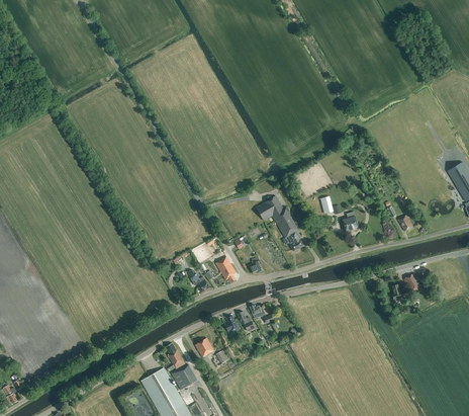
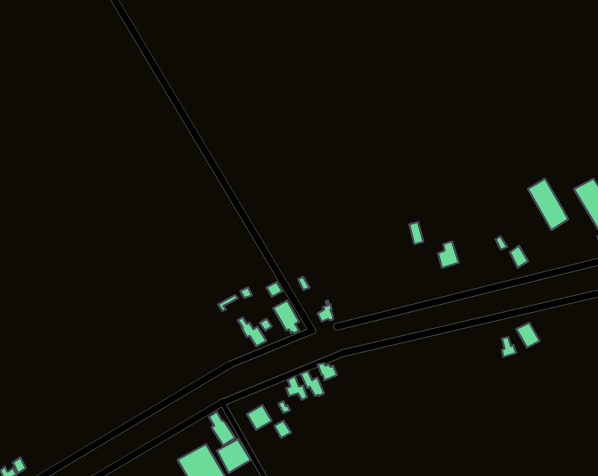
building: none -> [528,179,568,230]
building: [256,195,304,251] -> none

